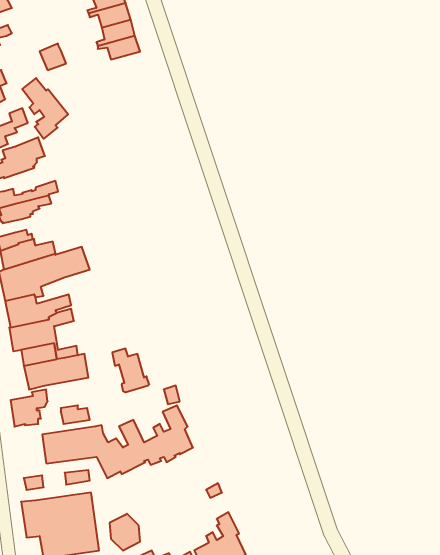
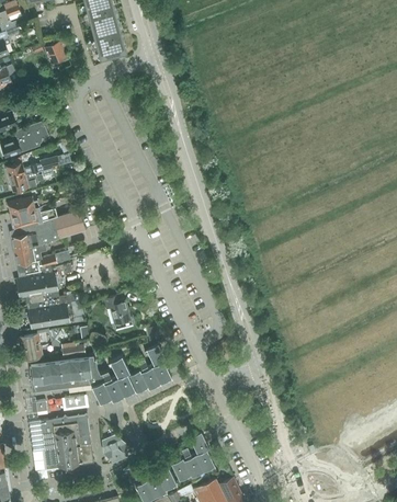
building: [22,78,68,139] -> none
building: none -> [30,367,49,395]

